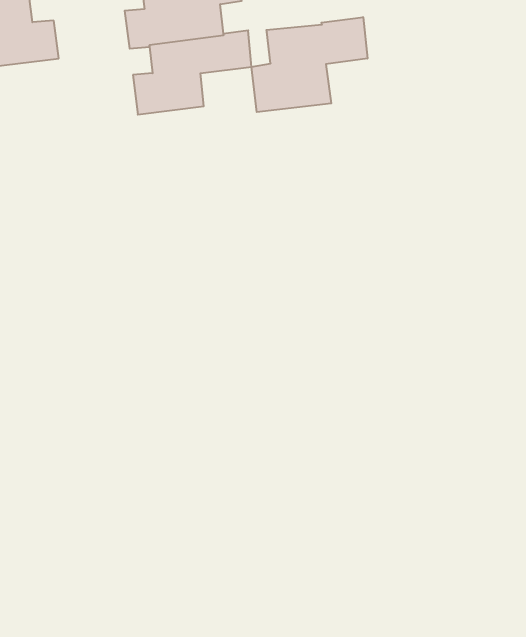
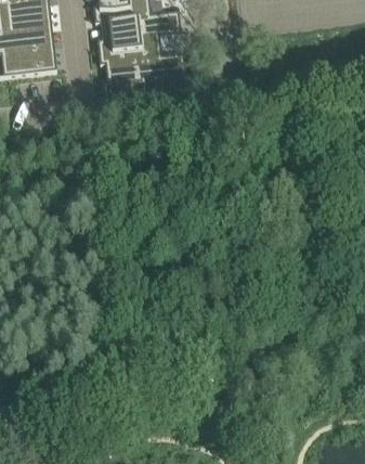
building: [251,17,367,112] -> none

